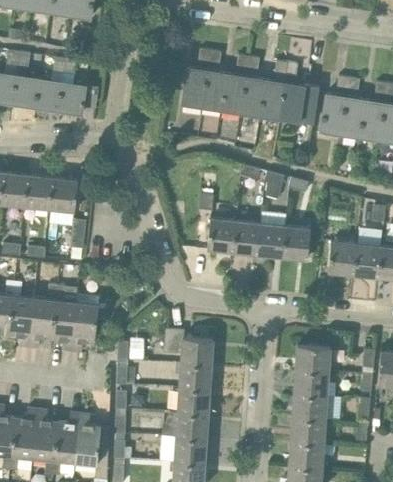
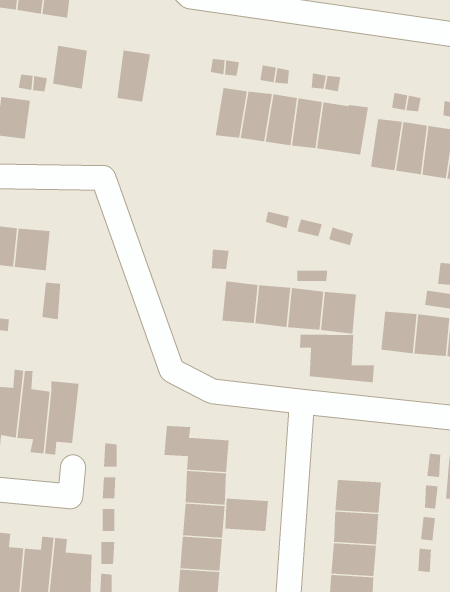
building: [182,67,208,109] -> [117,47,151,102]
building: [58,82,85,116] -> [52,45,88,90]
building: none -> [299,334,375,383]
building: [295,345,330,372] -> none
building: none -> [225,498,269,532]

